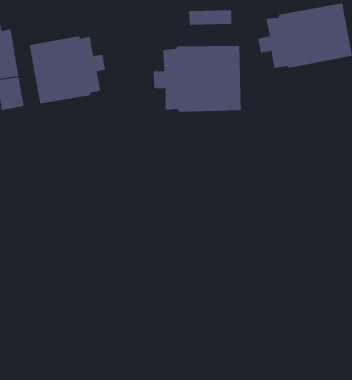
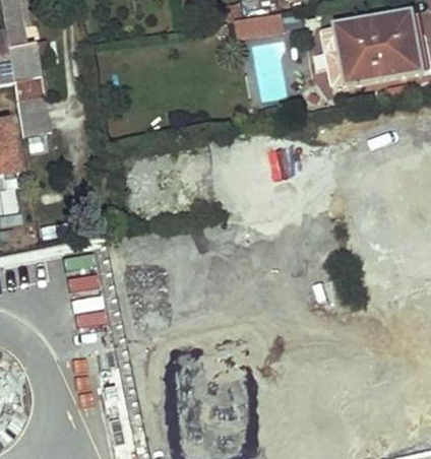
building: [29,36,106,104] -> none
building: [153,45,241,112] -> none

